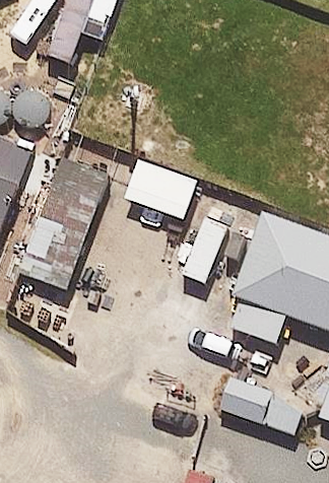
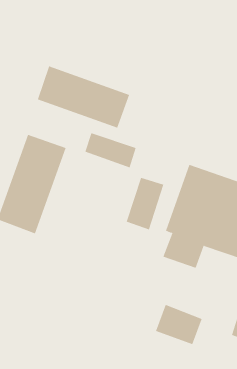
building: none -> [37,65,130,129]

